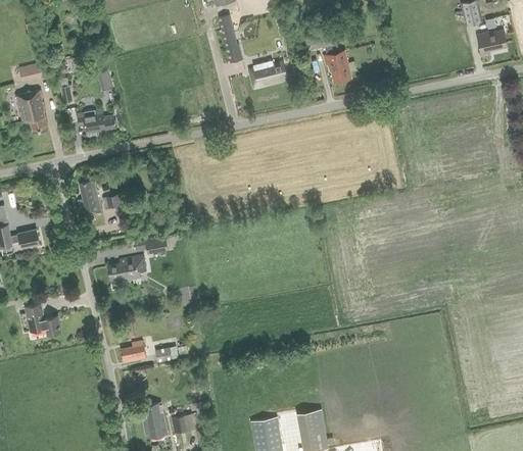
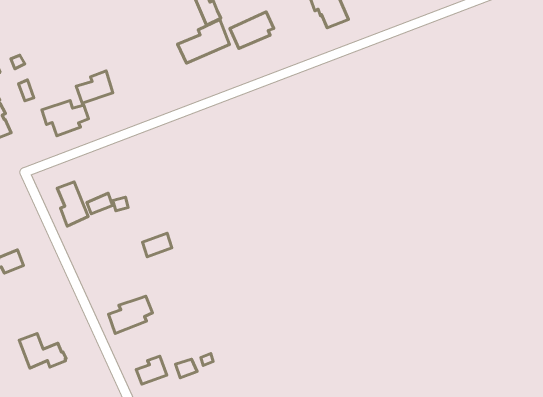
building: none -> [178,19,230,63]
building: none -> [76,71,113,103]
building: [108,255,146,283] -> [108,296,152,333]

